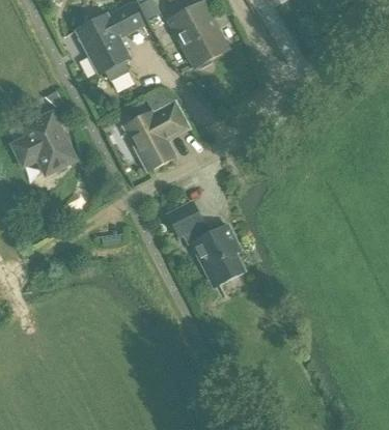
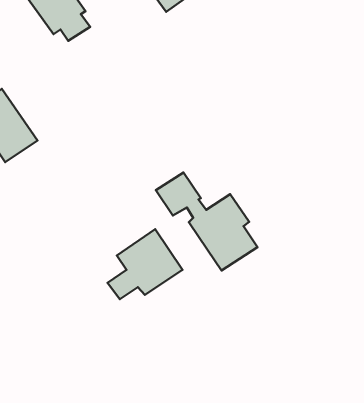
building: [122,94,190,172] -> none
building: none -> [108,229,182,299]

